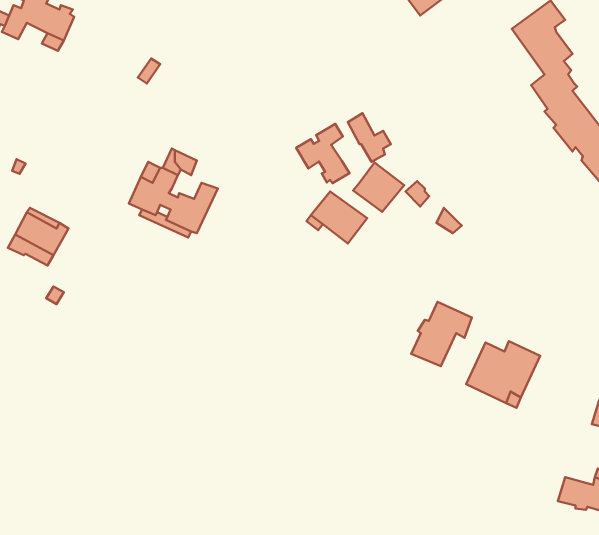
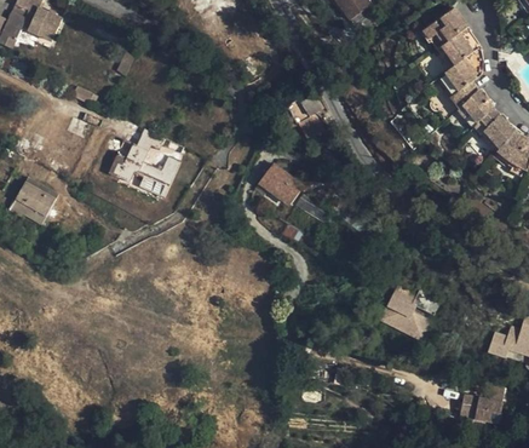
building: [296,124,350,183] -> none
building: [353,163,404,212] -> none
building: [411,302,472,366] -> none

